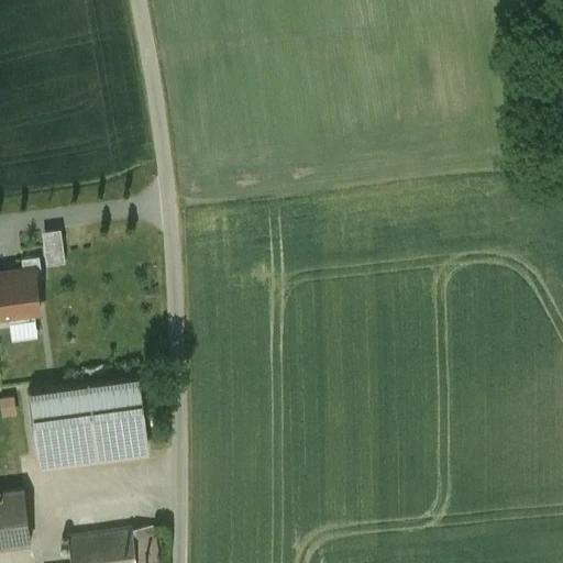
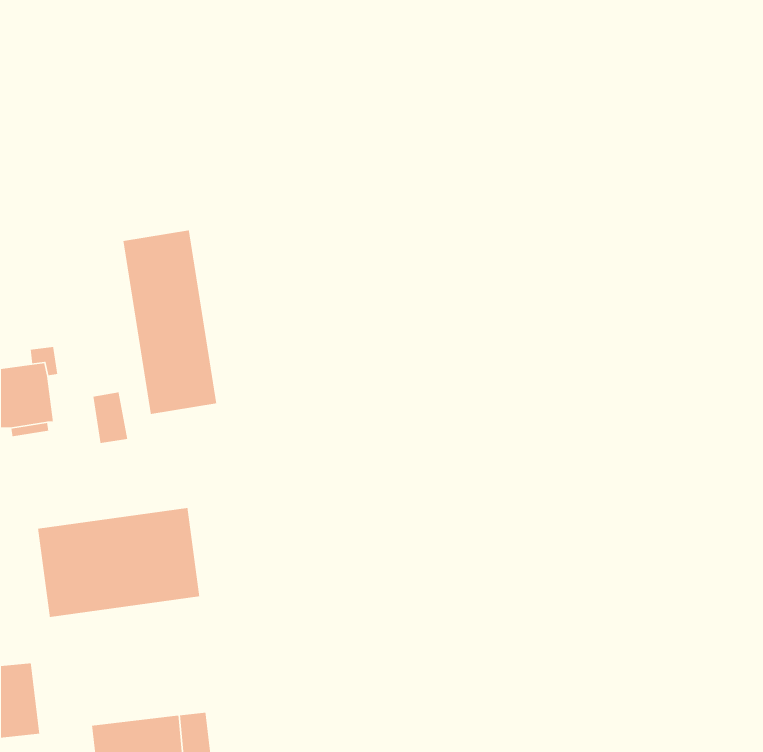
building: none -> [123,229,217,415]
building: [38,232,65,271] -> [92,392,128,444]

